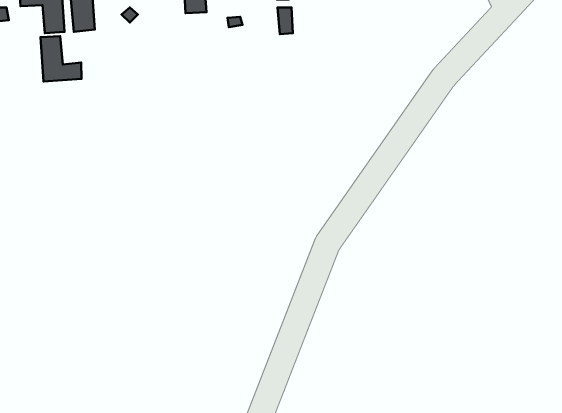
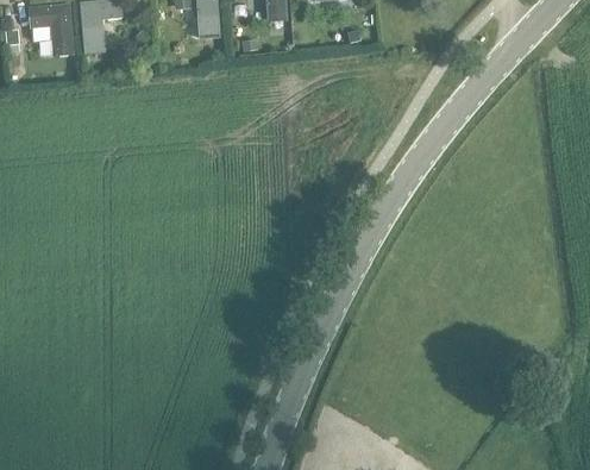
building: [41,36,82,82] -> none

